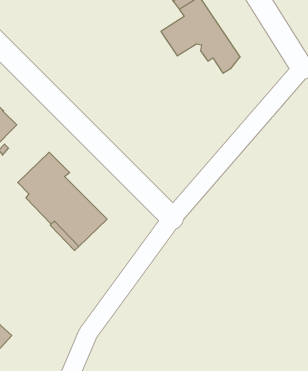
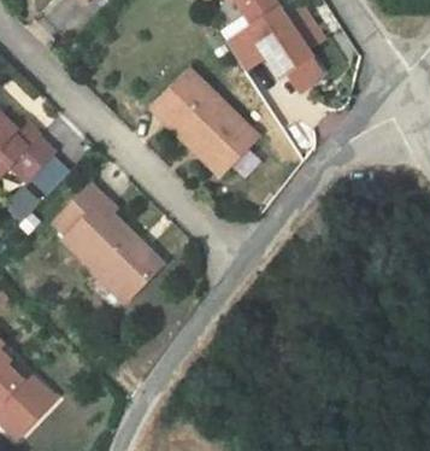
building: none -> [151,69,258,176]

